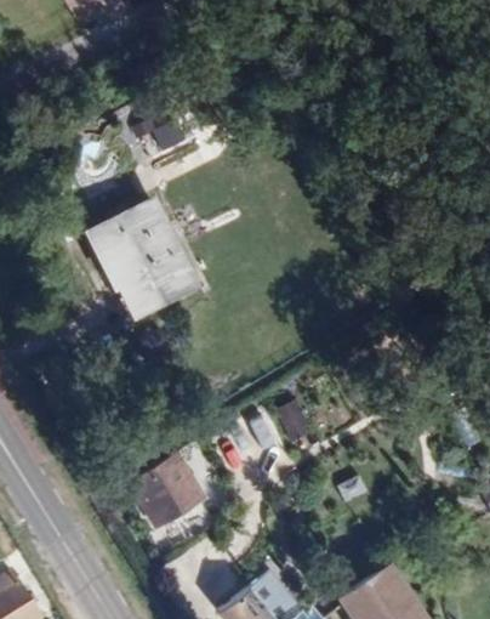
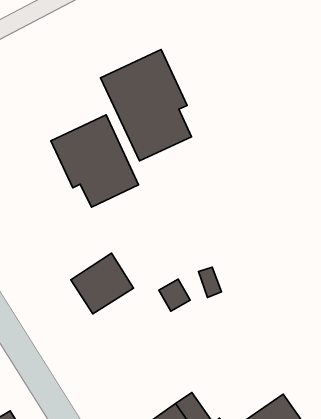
building: none -> [100,50,191,161]
building: [131,453,213,533] -> [71,253,133,314]

